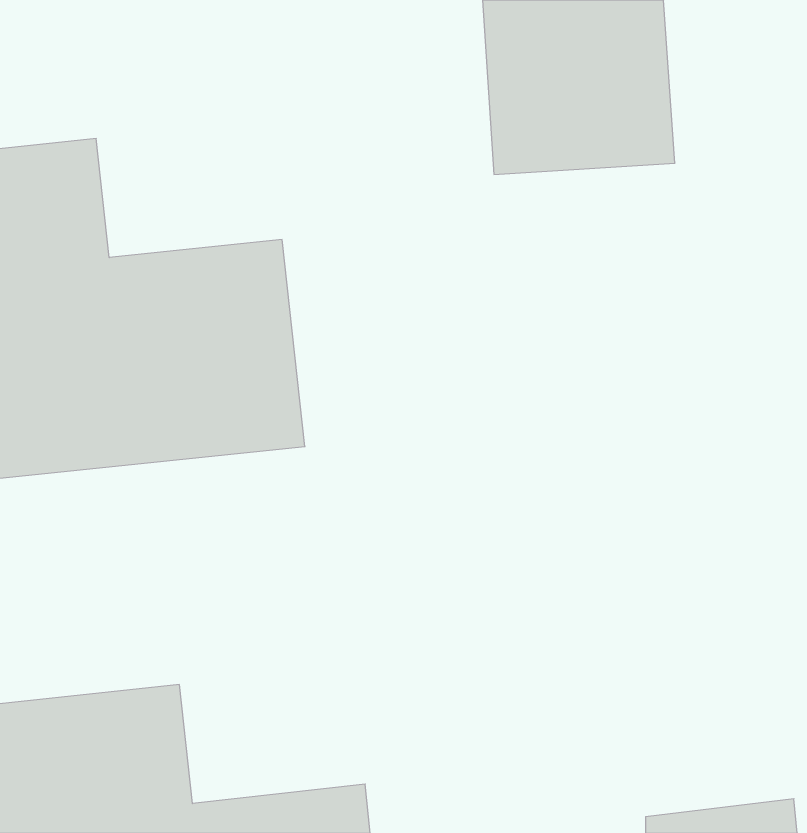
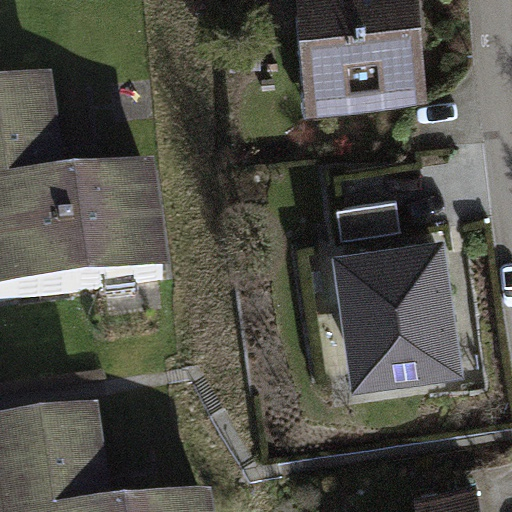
building: none -> [316,214,438,385]

